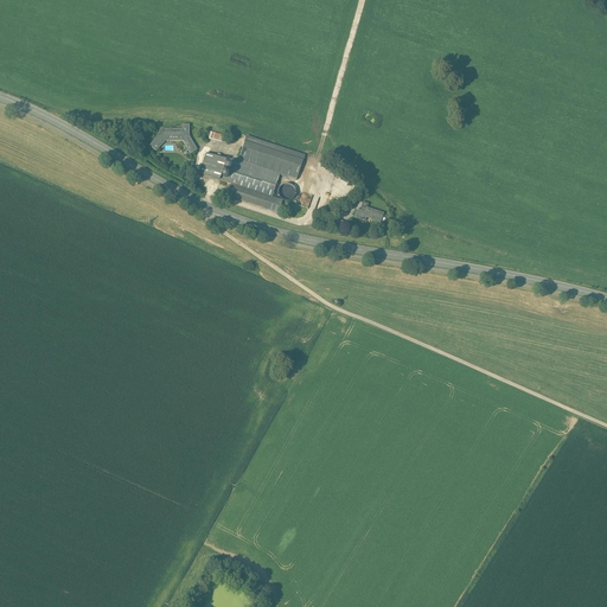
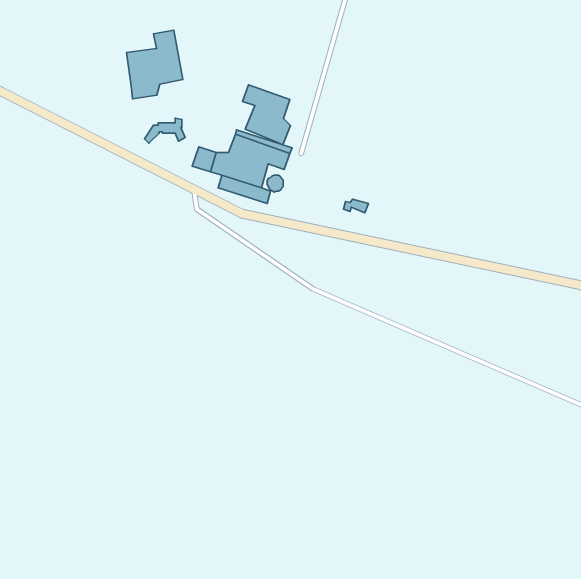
building: none -> [127,30,183,99]
building: none -> [243,85,291,145]

